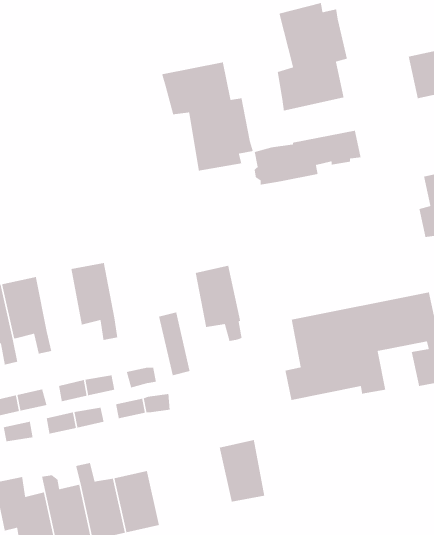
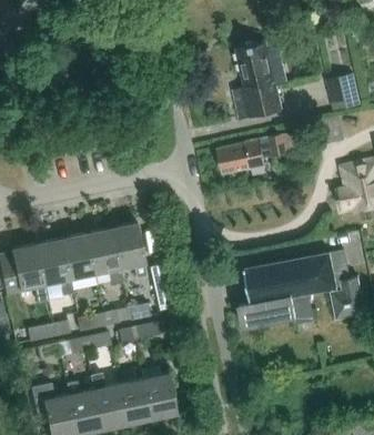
building: [161,61,254,172] -> none
building: [195,265,243,342] -> [110,223,144,279]
building: none -> [61,233,93,279]
building: [219,439,265,502] -> [141,373,174,418]

